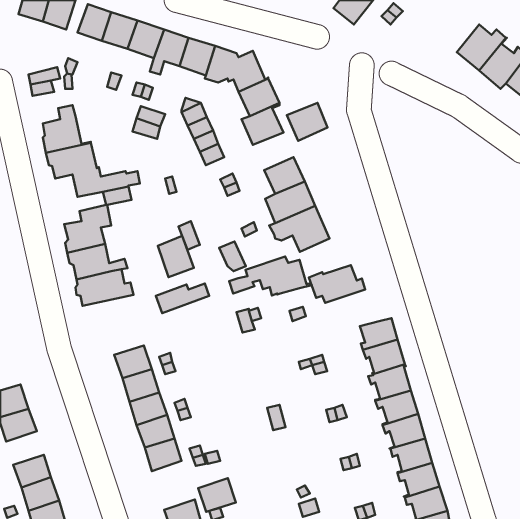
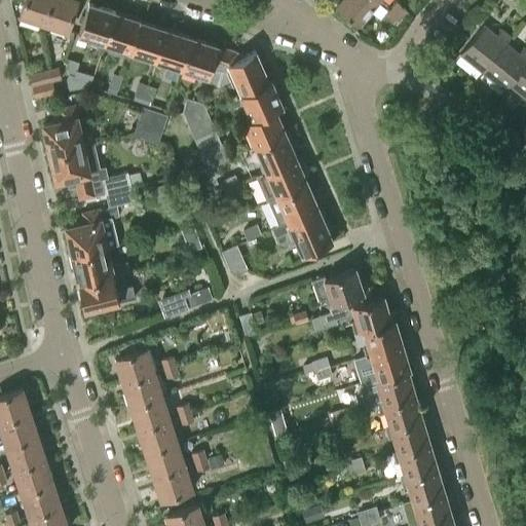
building: [287,103,328,141] -> [256,136,297,174]
building: [158,236,194,277] -> none
building: [229,257,312,295] -> [312,294,396,333]
building: none -> [7,437,45,471]
building: [198,478,236,512] -> [154,466,192,500]

